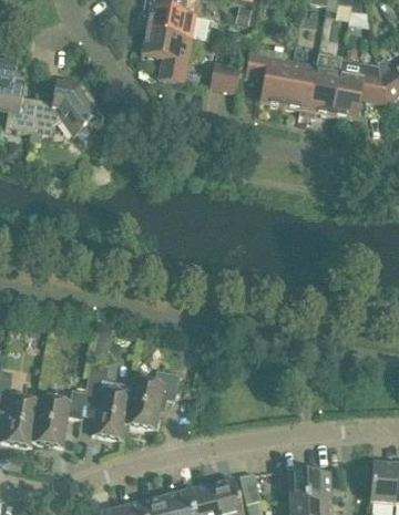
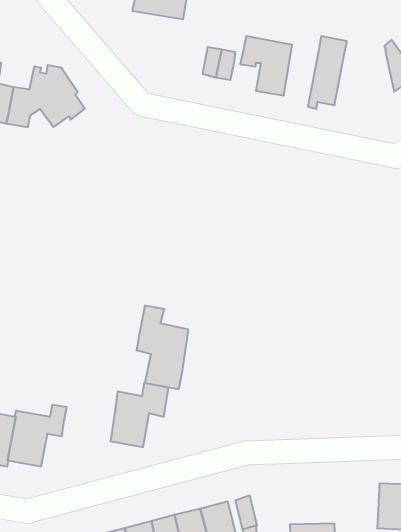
building: [142,30,193,81] -> none
building: [331,59,386,121] -> none
building: [285,61,317,117] -> none
building: [84,363,132,440] -> [136,305,188,389]
building: [289,473,331,499] -> none

